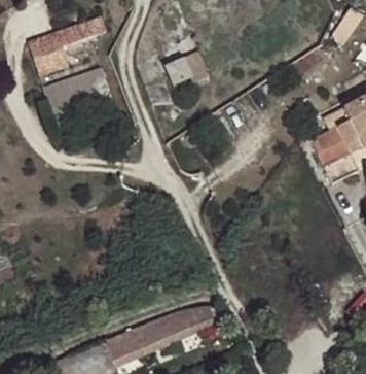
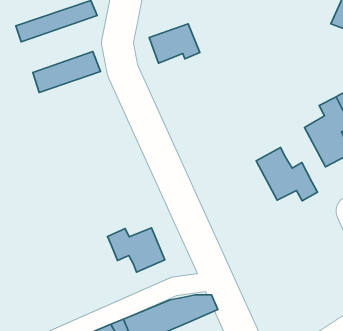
building: none -> [256,148,318,201]
building: none -> [107,228,165,272]

